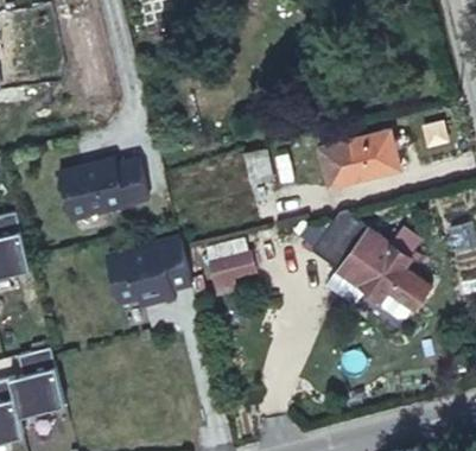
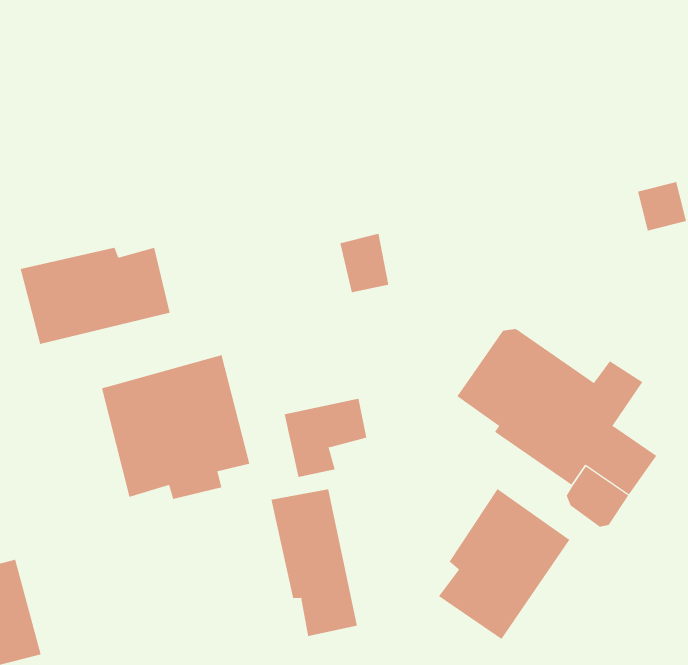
building: [317,125,406,190] -> none
building: none -> [438,488,570,640]
building: none -> [271,489,358,637]

